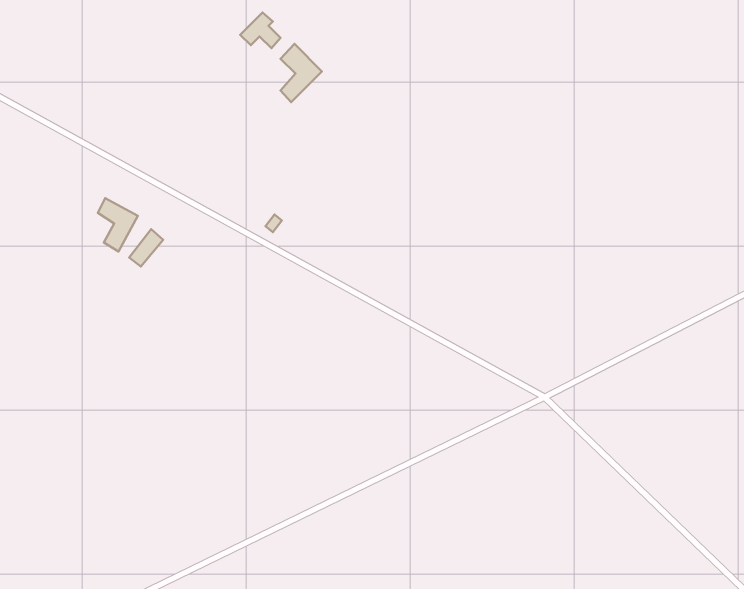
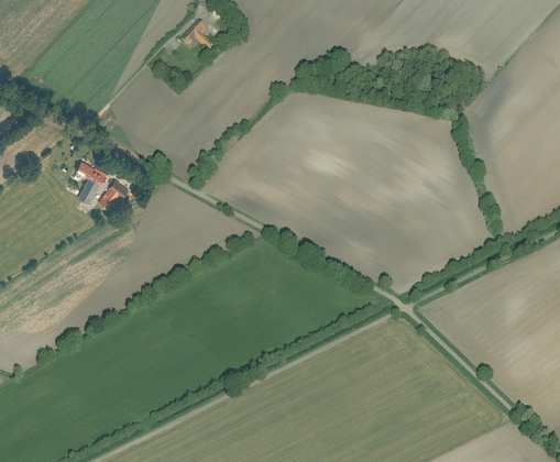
building: [280,44,322,102] -> none

